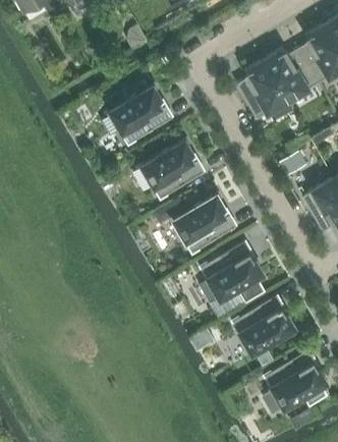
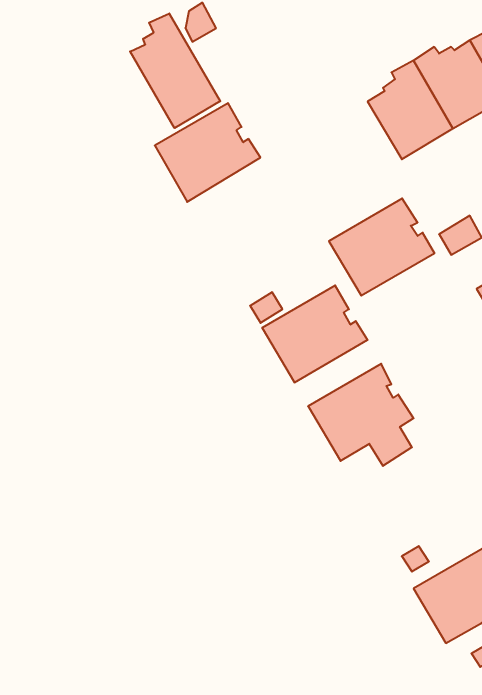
building: none -> [130,13,220,128]
building: [140,141,204,199] -> [329,198,435,296]
building: [232,296,295,354] -> none

